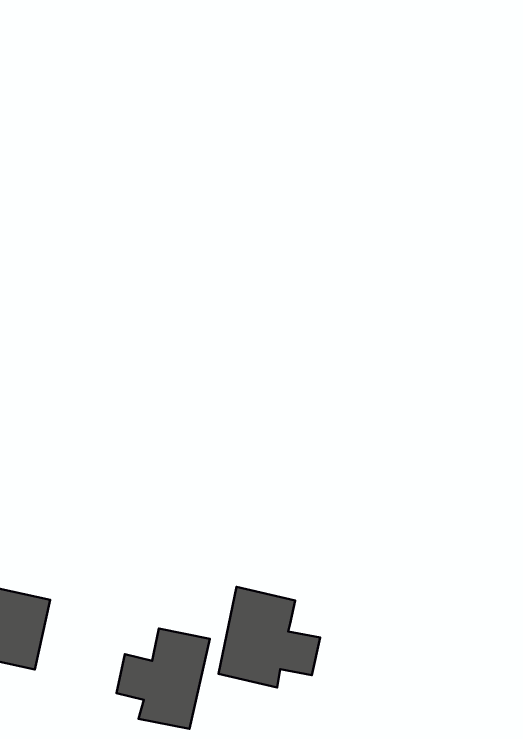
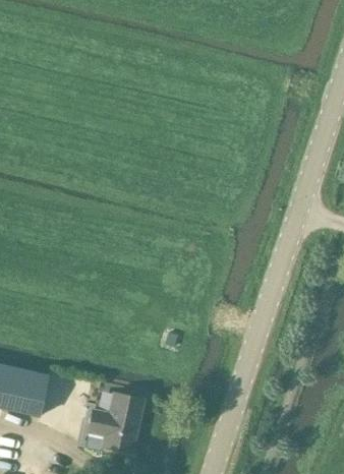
building: [218,587,320,687] -> none

